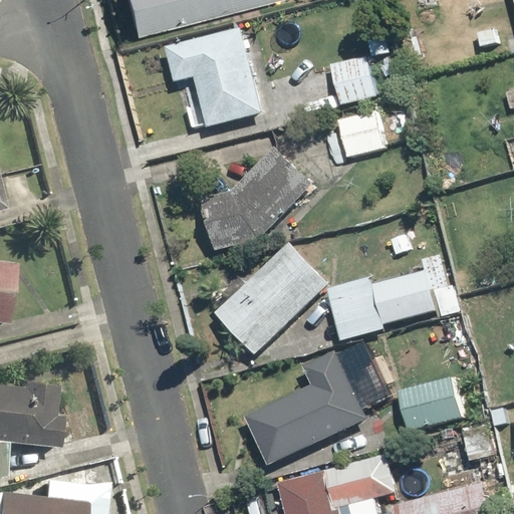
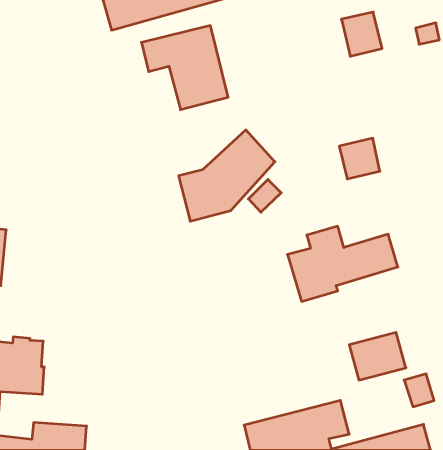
building: [327,56,373,106] -> [341,12,382,56]
building: [334,109,380,156] -> [339,138,380,179]
building: [209,236,328,354] -> none
building: [245,339,391,465] -> none

